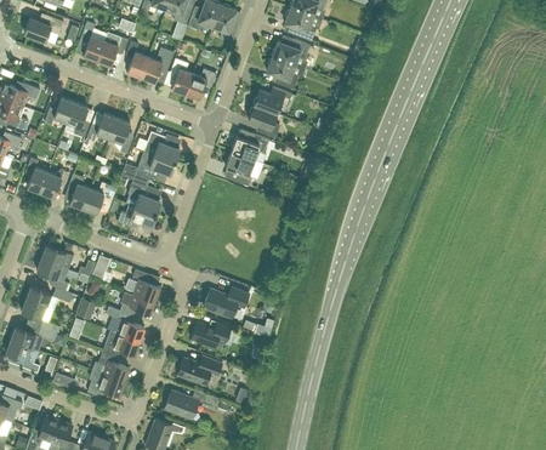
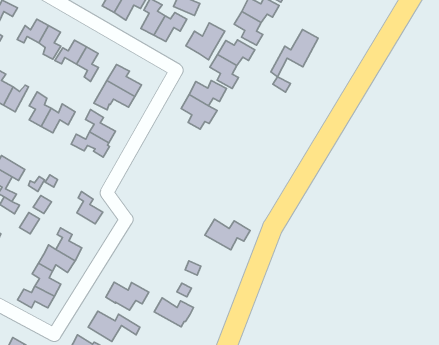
building: none -> [271,30,318,77]
building: none -> [186,23,225,60]
building: [203,286,249,317] -> [205,219,250,250]
building: [119,291,154,314] -> none
building: [190,321,231,348] -> [154,298,193,327]

